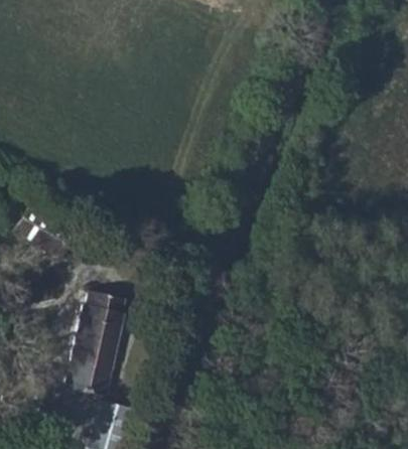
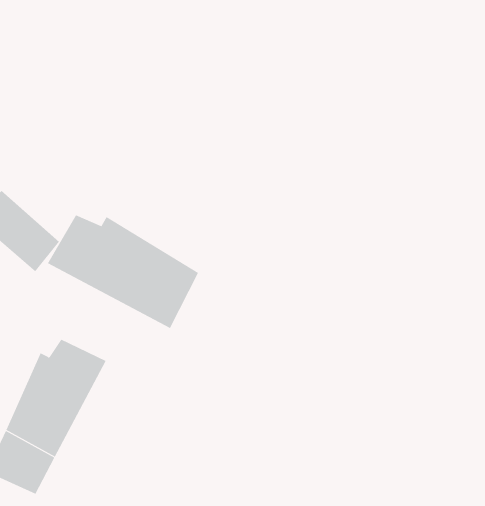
building: none -> [47,214,199,329]

